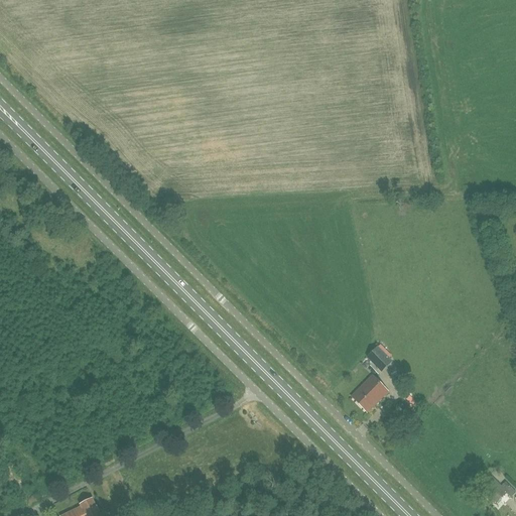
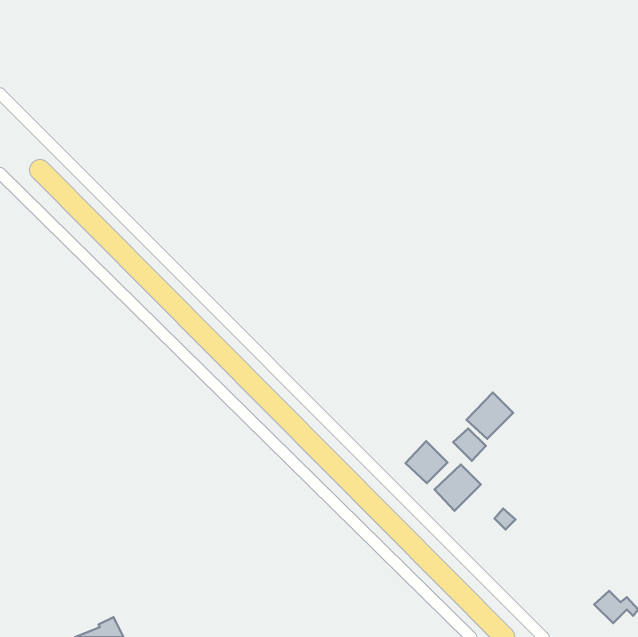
building: none -> [467,393,513,439]
building: none -> [405,441,448,483]

